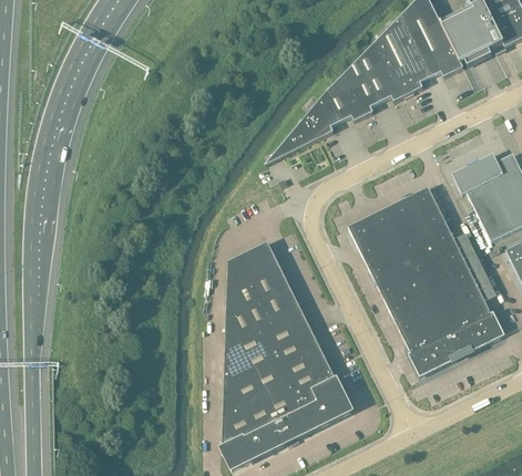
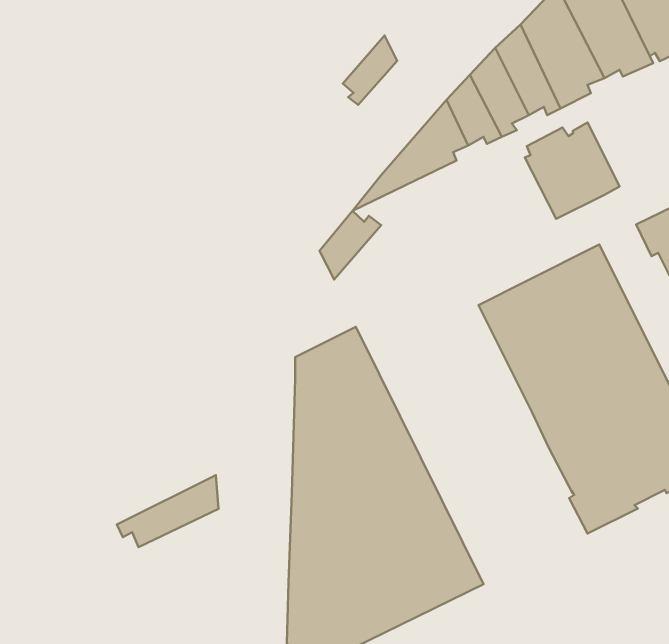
building: none -> [343,36,397,105]
building: none -> [525,123,620,219]
building: none -> [319,211,381,279]
building: none -> [117,475,219,547]

